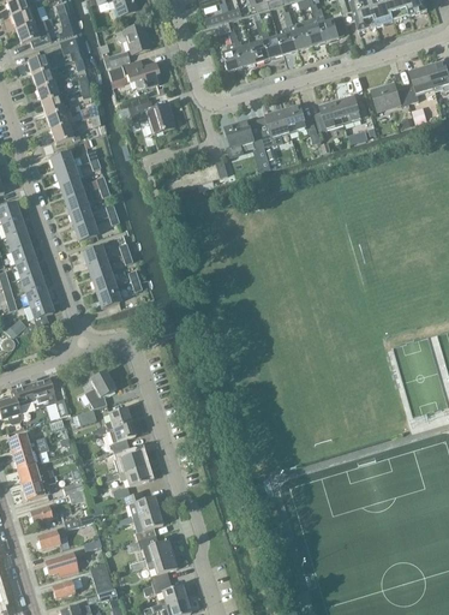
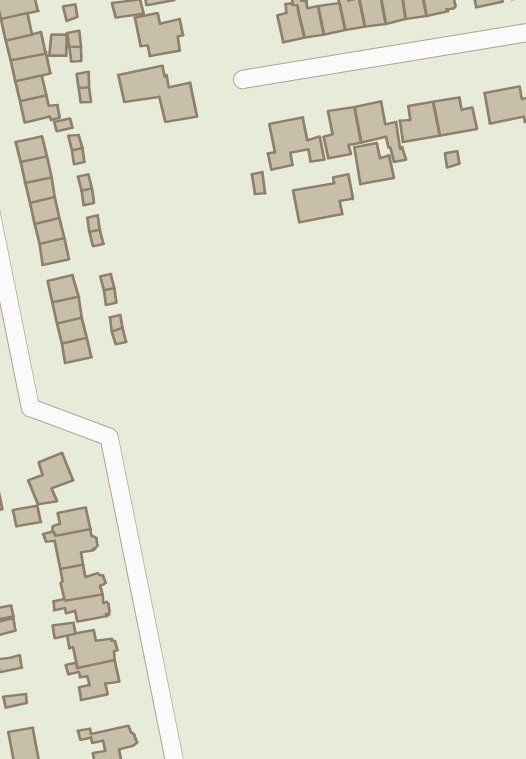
building: none -> [354,143,394,184]
building: none -> [293,174,353,222]
building: [137,532,173,561] -> none

